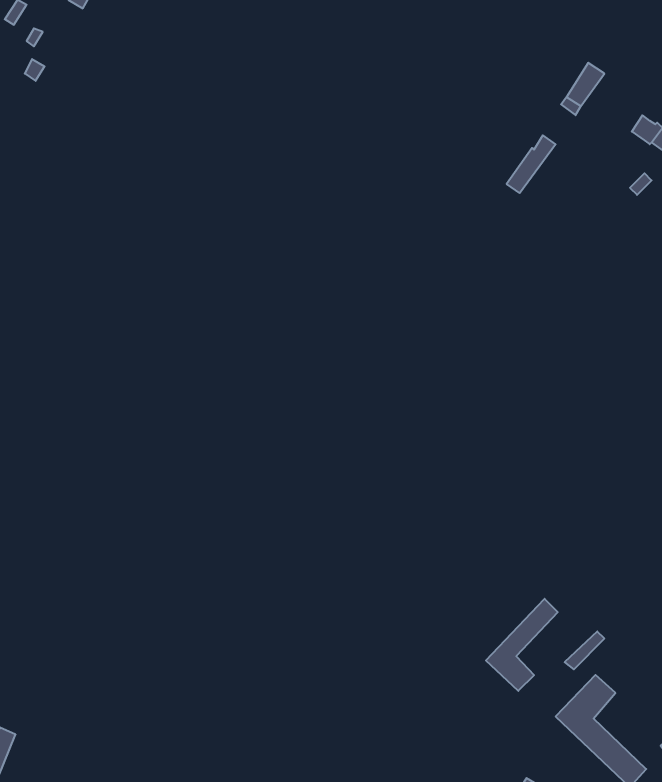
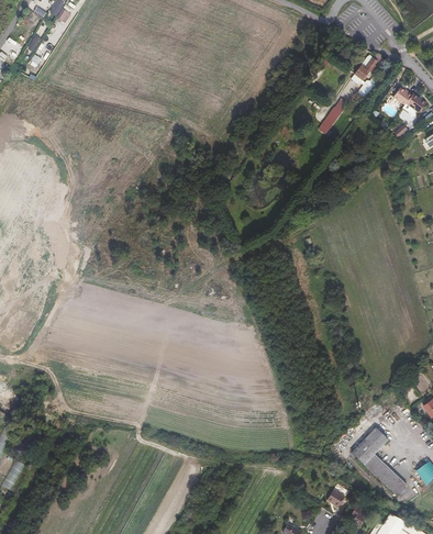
building: [486,599,558,691] -> none

